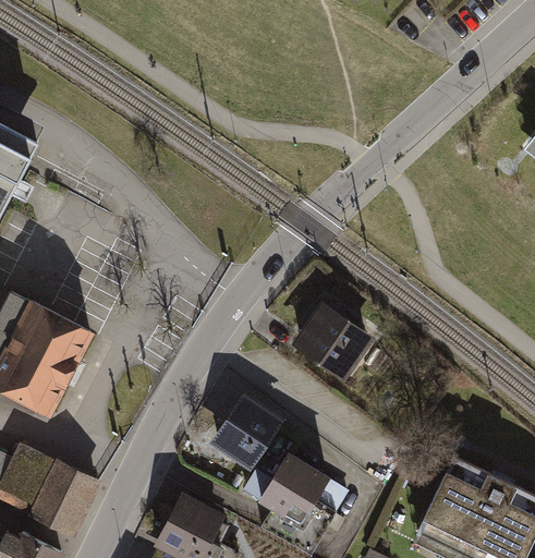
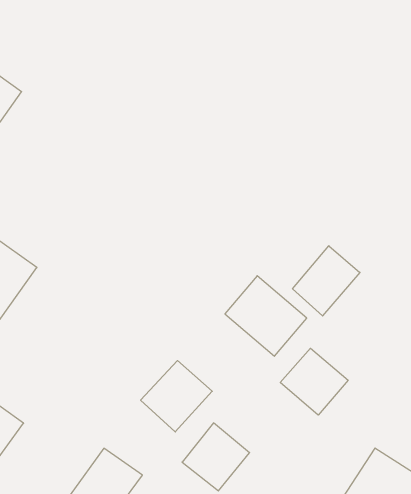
building: none -> [293,246,360,316]
building: none -> [280,348,348,415]

